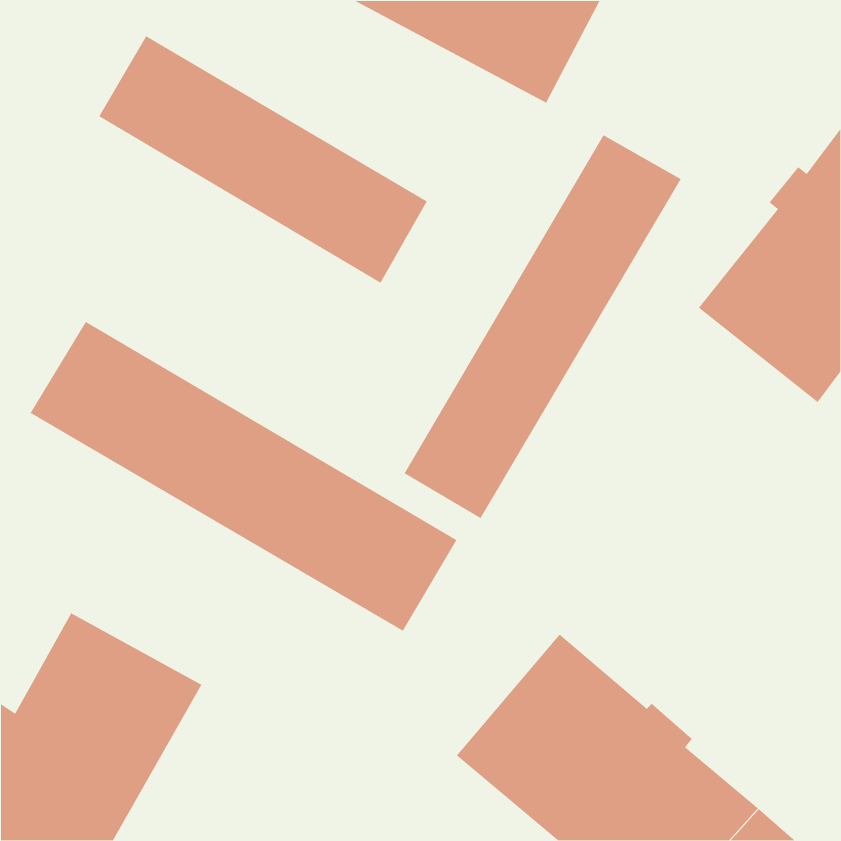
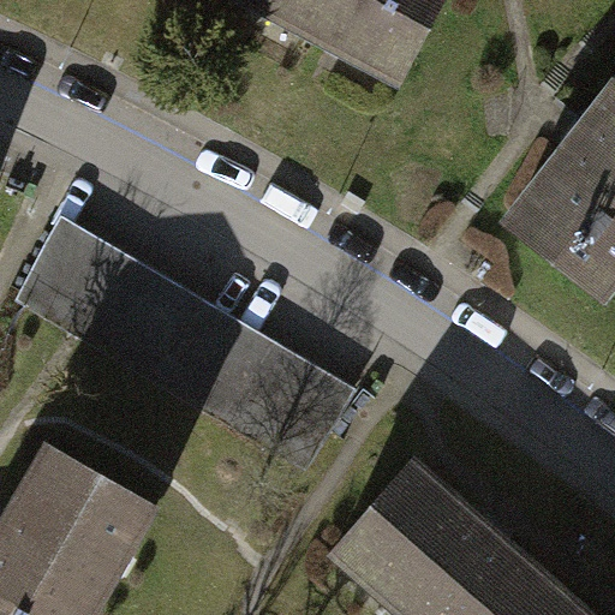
building: [98,35,428,284] -> none
building: [403,134,682,519] -> none

